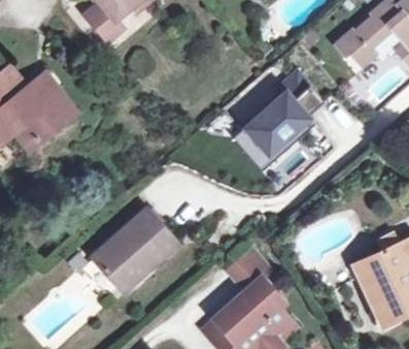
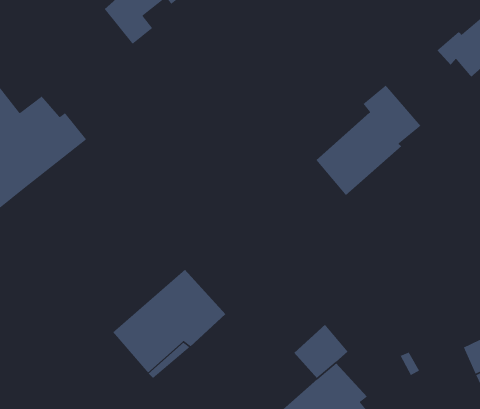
building: [233,116,314,168] -> none

